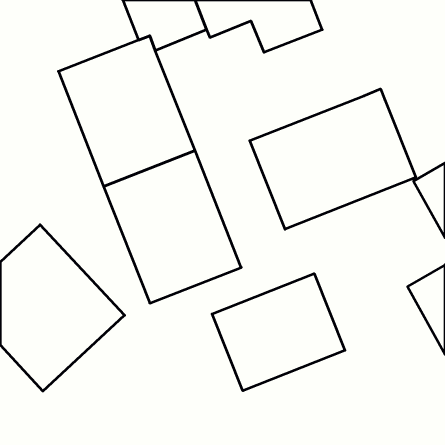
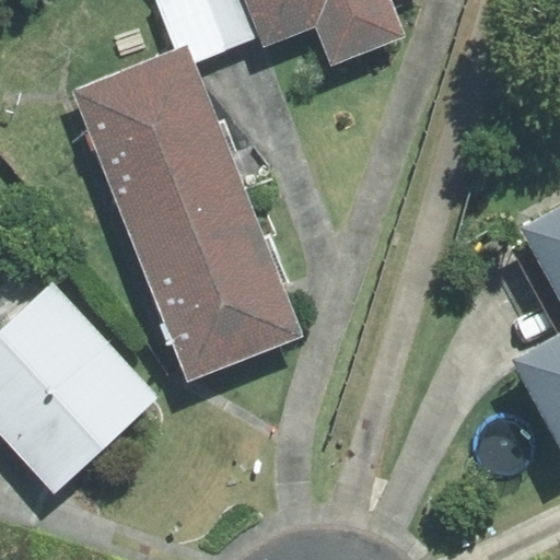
building: [250,89,416,229] -> none
building: [212,274,345,391] -> none

